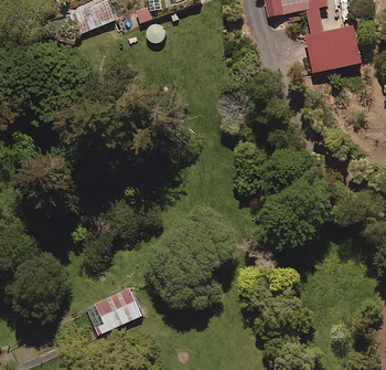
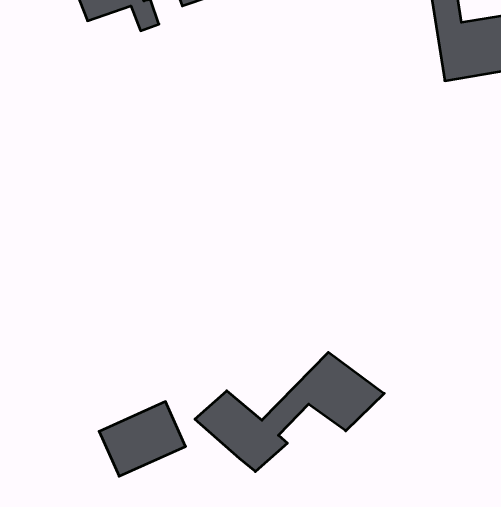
building: none -> [195,352,384,472]

